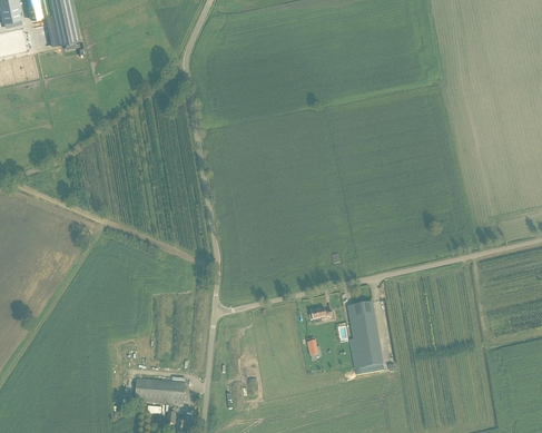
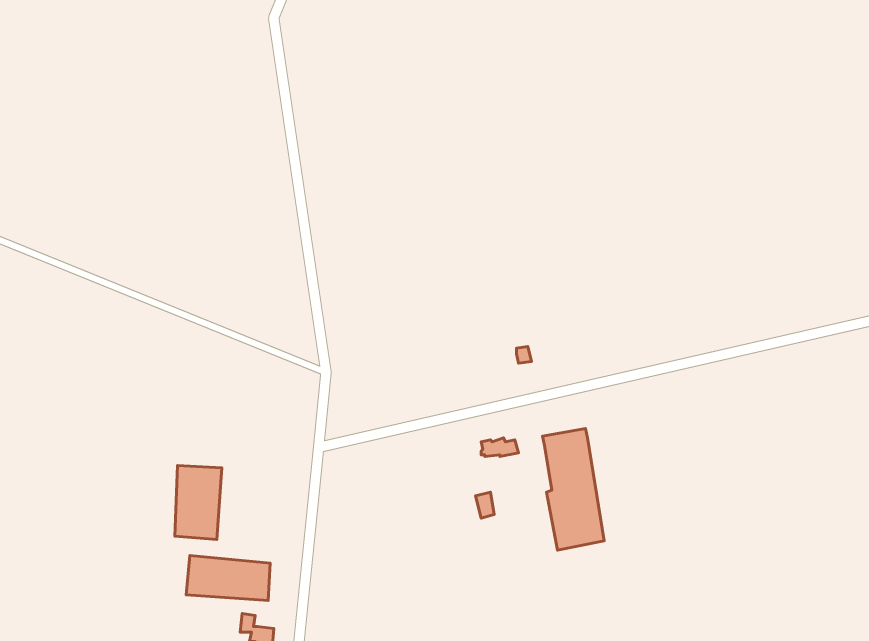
building: none -> [175,466,222,540]

